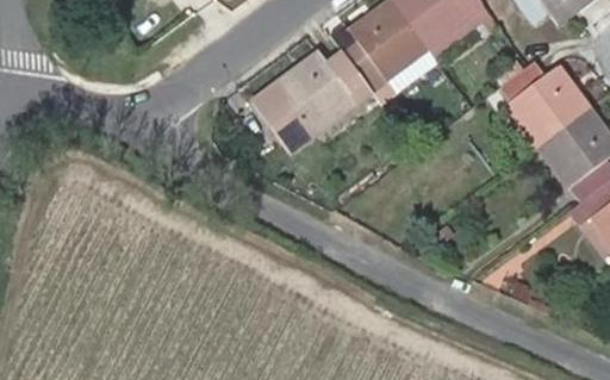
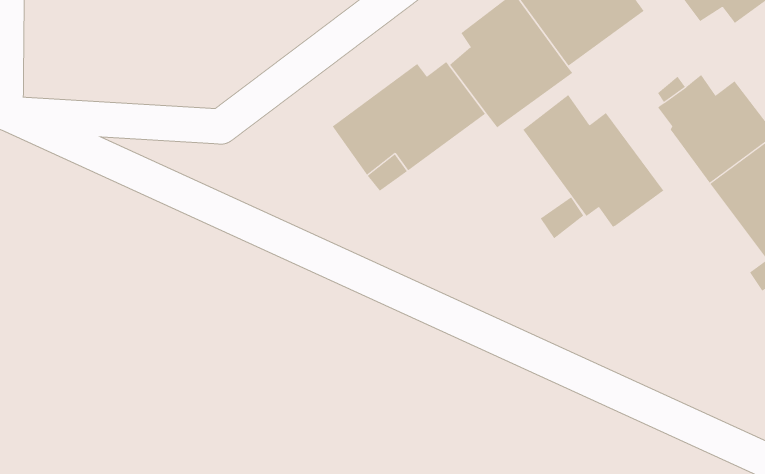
building: none -> [522,94,664,227]

